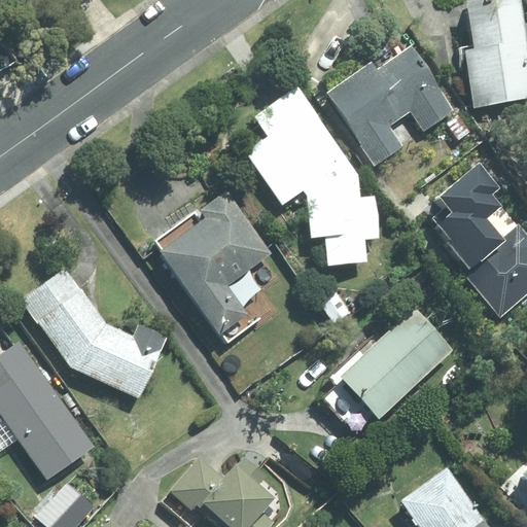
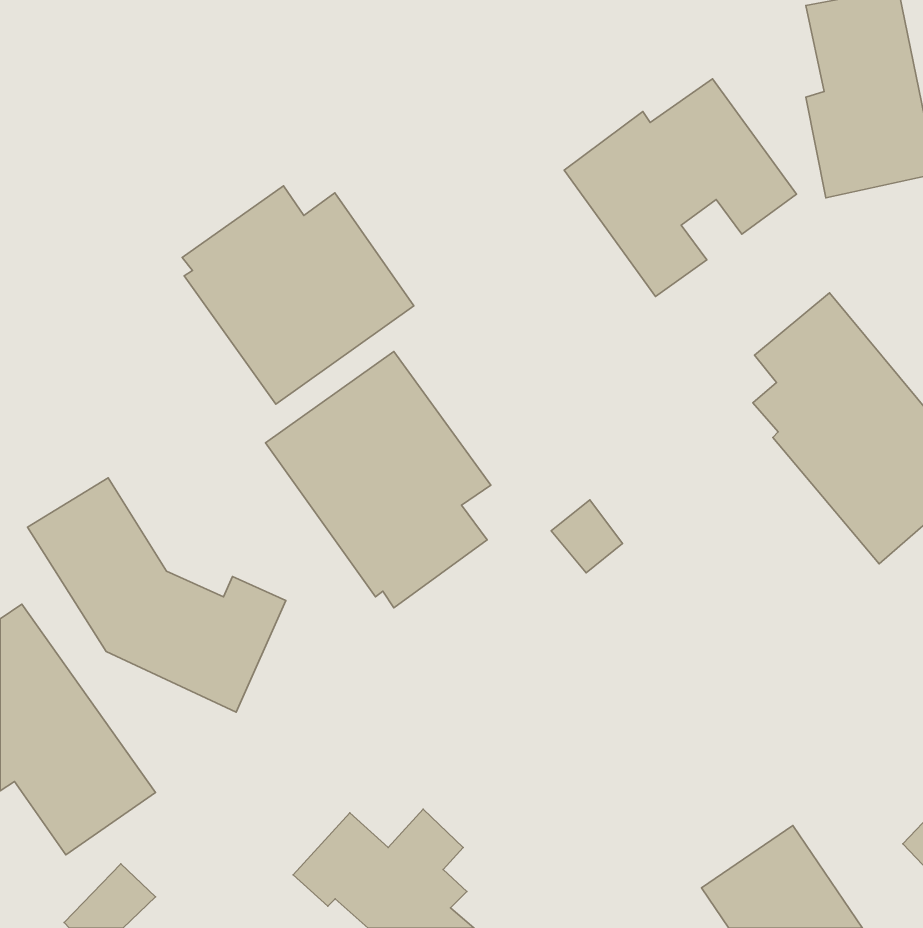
building: [244,84,377,266] -> none
building: none -> [182,186,414,404]
building: [332,304,455,422] -> none

